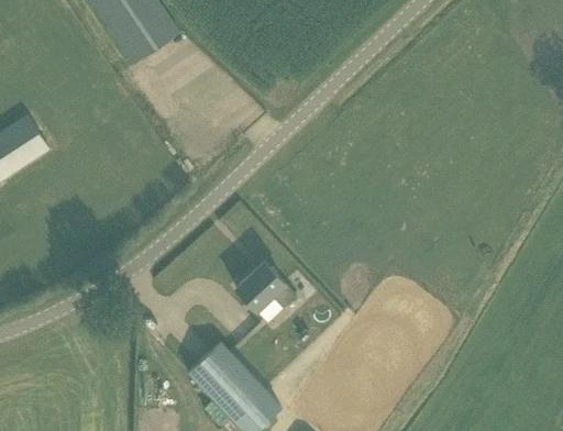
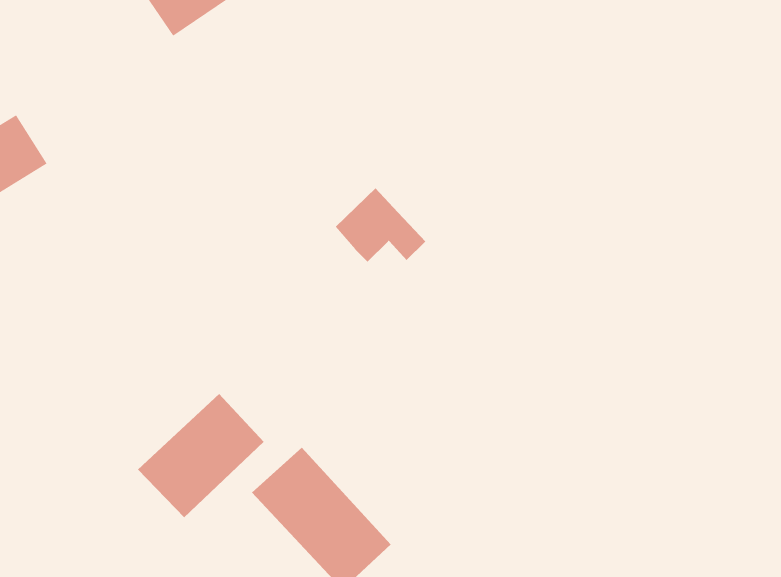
building: [236,259,298,310] -> [335,188,426,263]
building: none -> [137,393,265,518]

